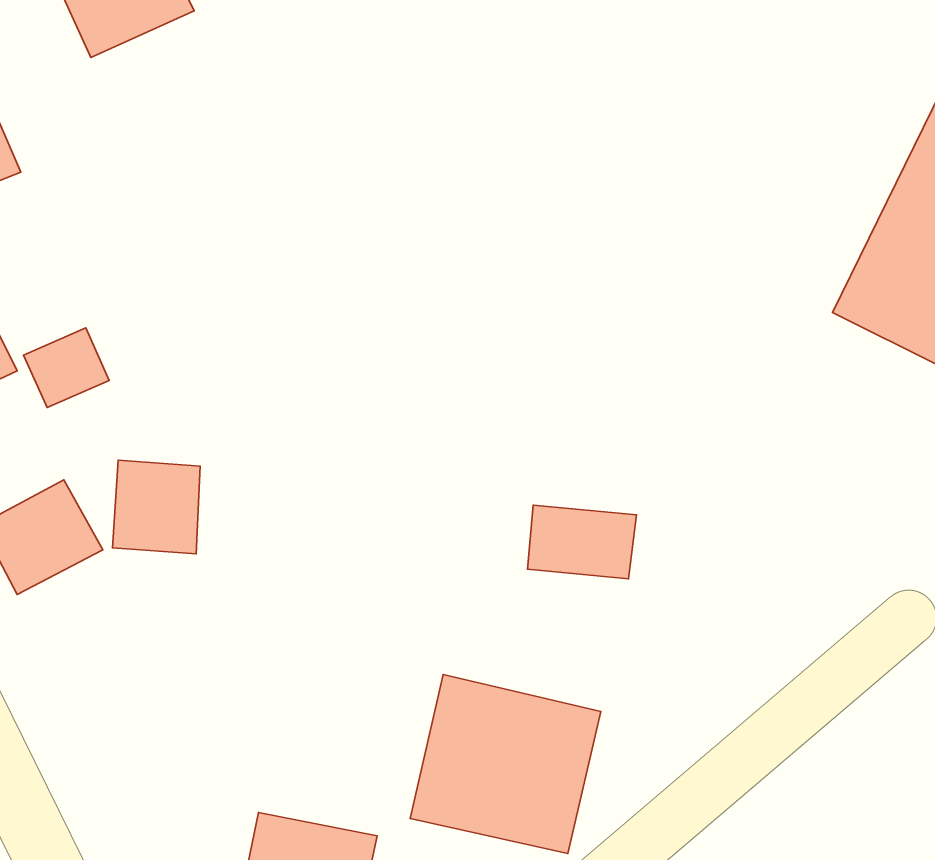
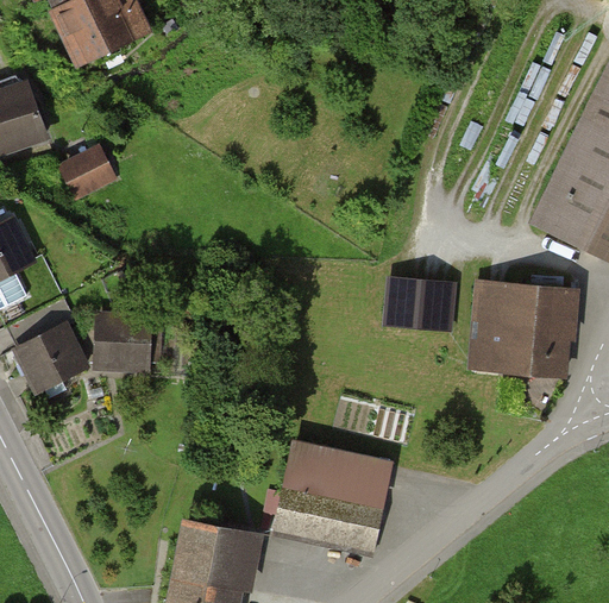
building: [24,328,109,408] -> [61,150,113,199]
building: none -> [470,282,576,371]
building: [527,505,636,579] -> [382,281,448,326]

